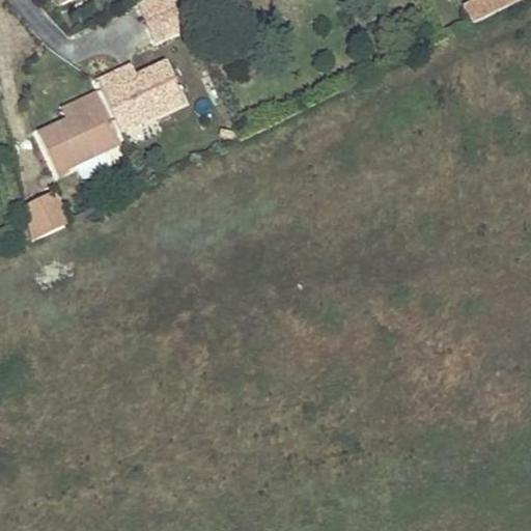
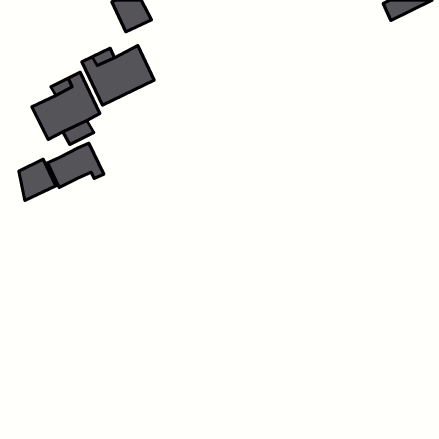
building: none -> [47,143,104,188]

